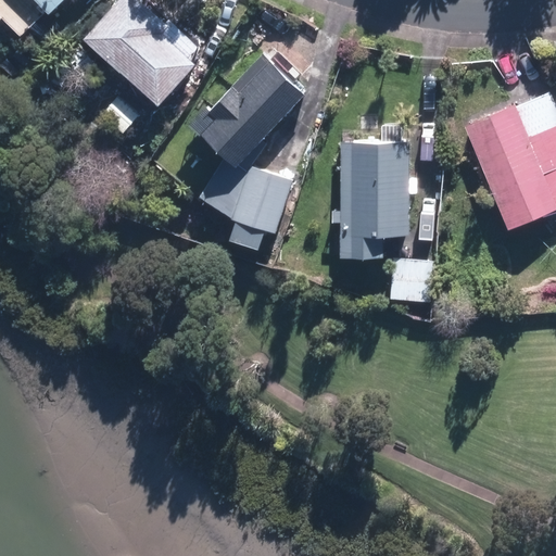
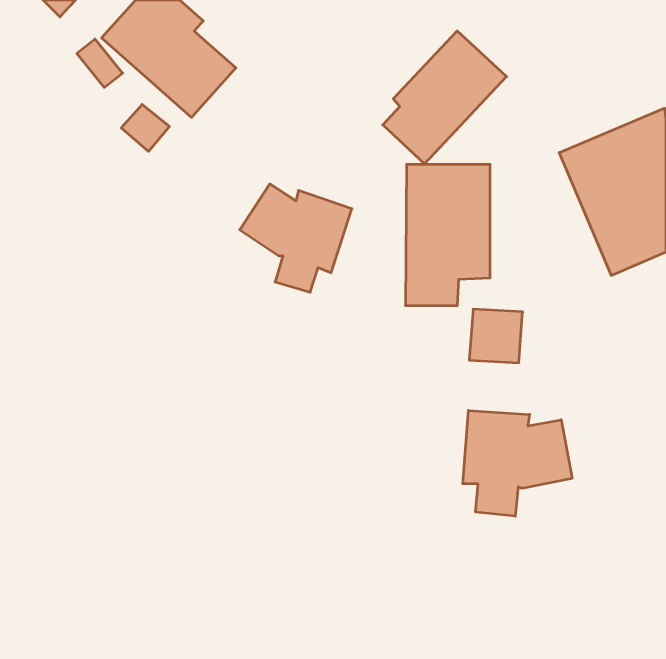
building: [200,53,303,164] -> [383,31,507,164]
building: none -> [463,410,572,516]

